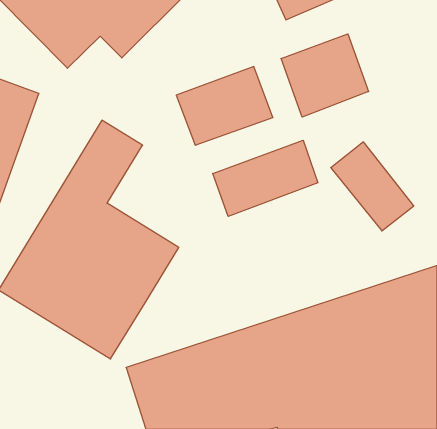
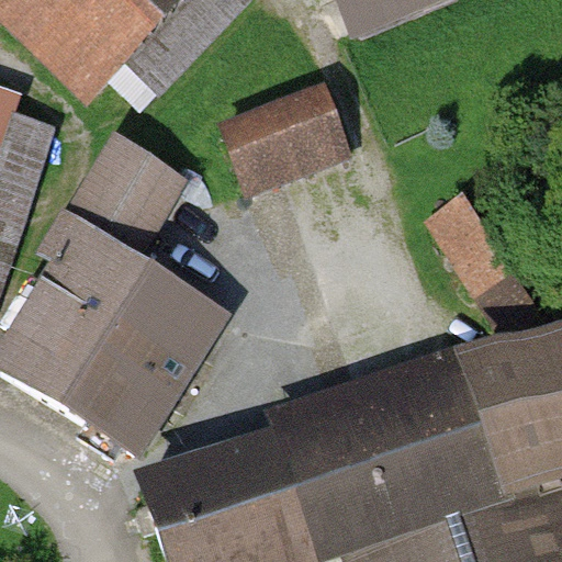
building: [281,34,369,117] -> none
building: [213,140,318,216] -> none

